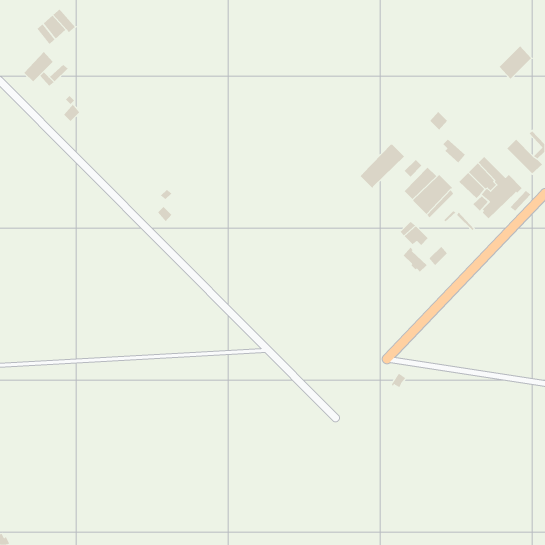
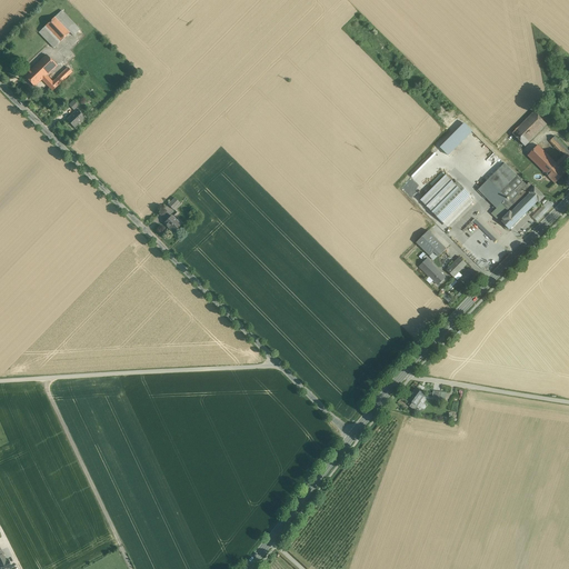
building: [499,45,532,80] -> [511,110,546,146]
building: [360,144,405,189] -> none

